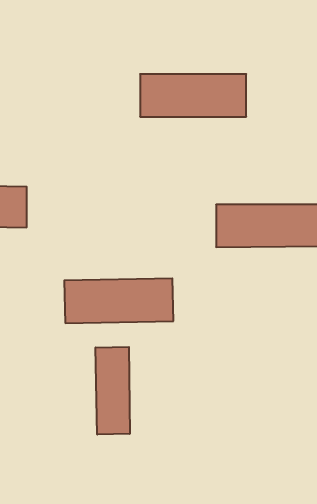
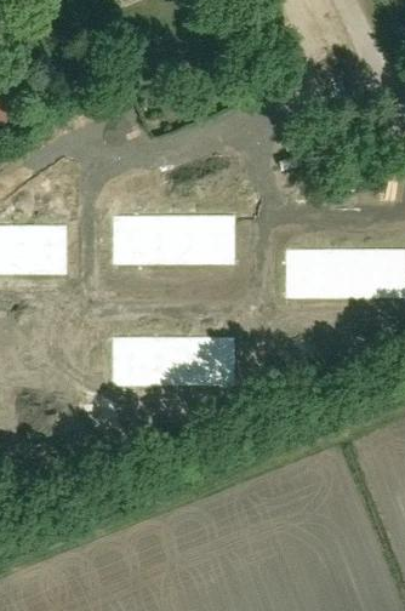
building: [140,74,246,117] -> [112,215,235,264]
building: [96,347,130,435] -> none

